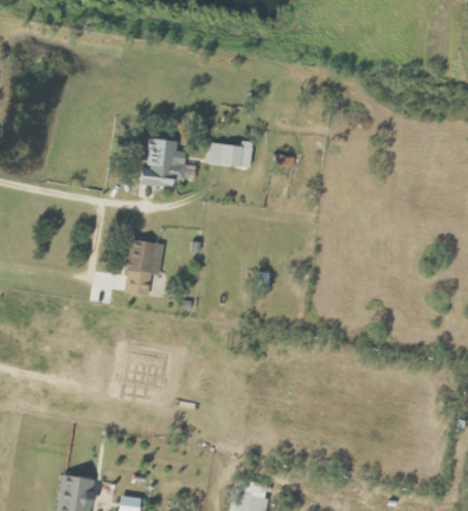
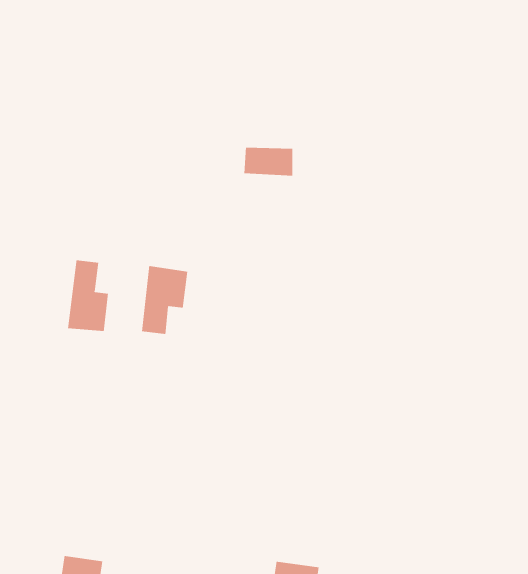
building: [143,138,184,187] -> none
building: none -> [67,259,109,332]

